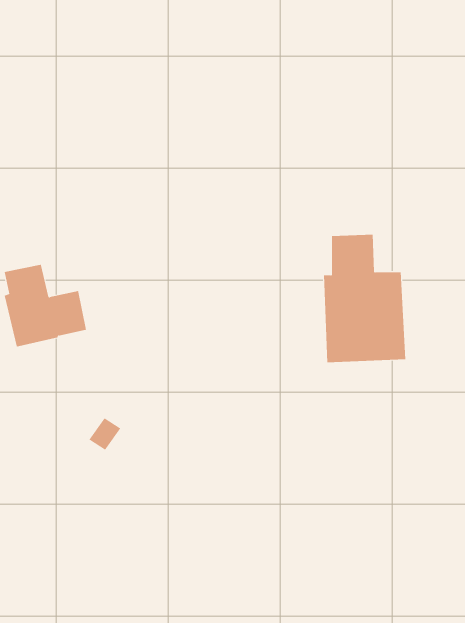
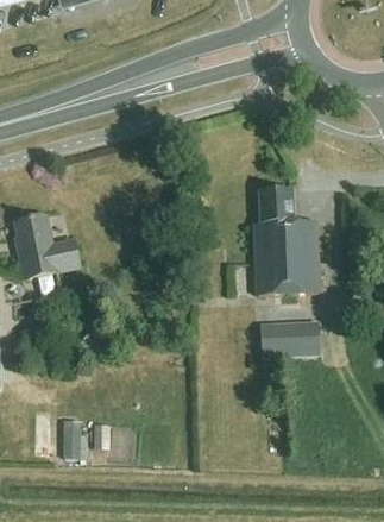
building: none -> [258,319,317,357]
building: none -> [62,419,86,457]

